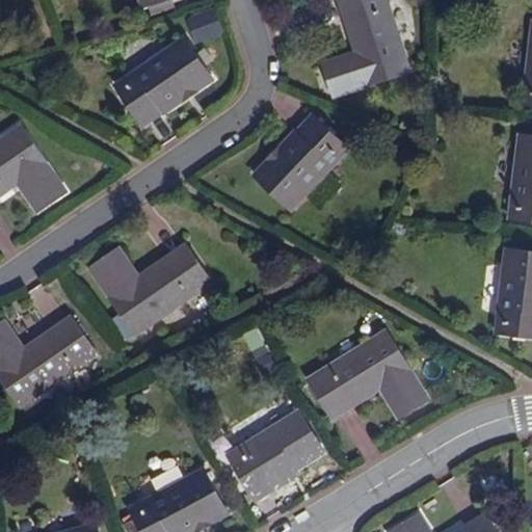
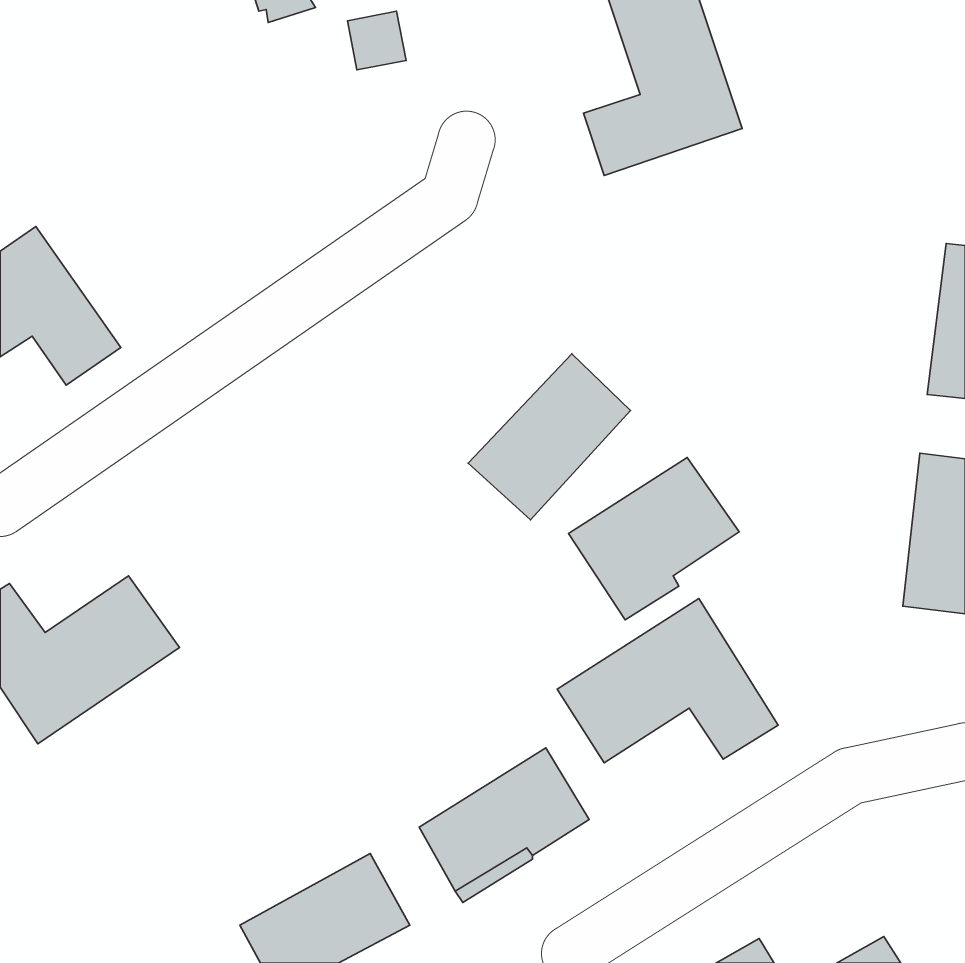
building: [114,39,210,124] -> none
building: [256,116,345,208] -> [468,354,630,520]
building: [88,245,210,336] -> none
building: none -> [568,457,739,620]

